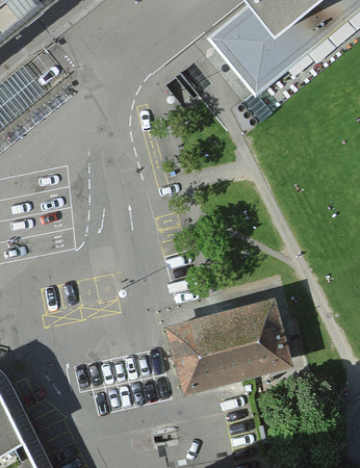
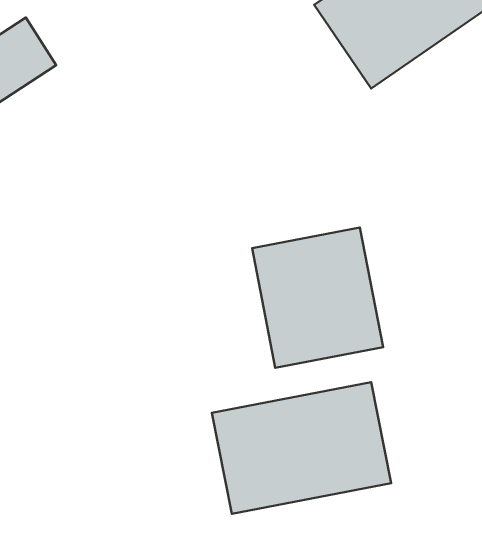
building: none -> [252,228,383,368]

